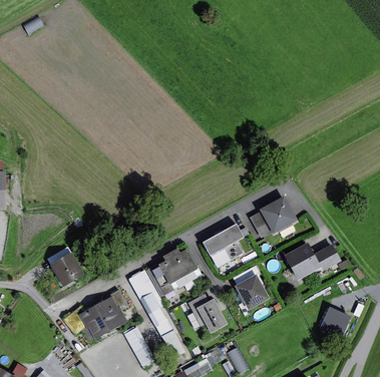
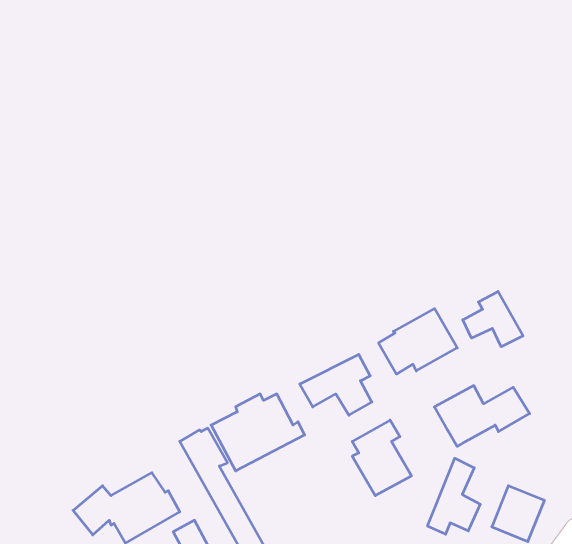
building: none -> [463,291,523,347]
building: [47,247,83,288] -> none
building: none -> [428,458,480,534]
building: [195,299,226,333] -> none

